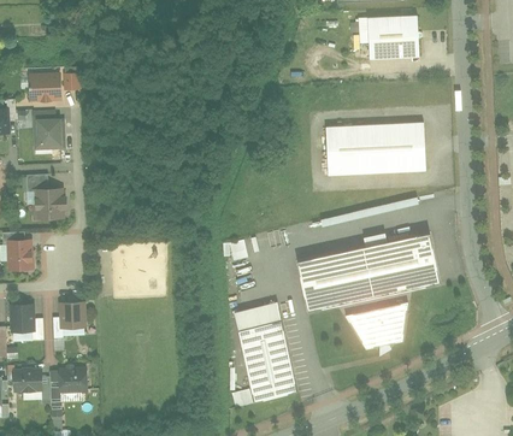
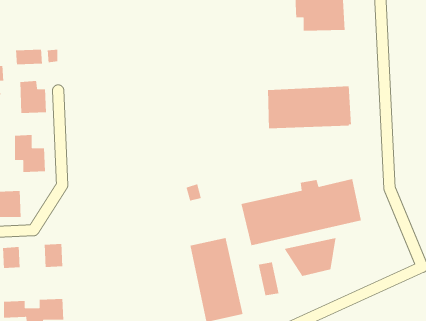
building: none -> [258,261,280,296]

